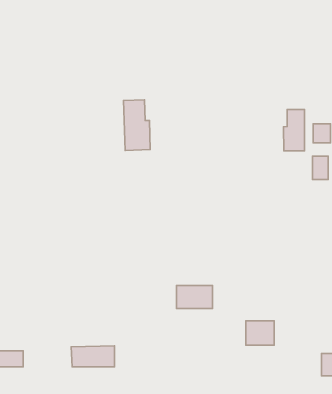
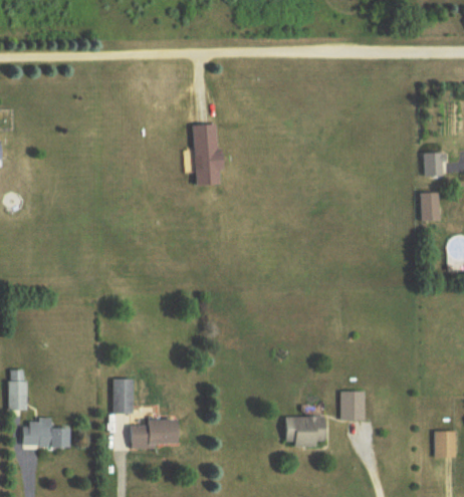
building: [284,109,304,151] -> none
building: [177,285,212,309] -> [283,417,326,445]
building: none -> [112,379,135,414]

